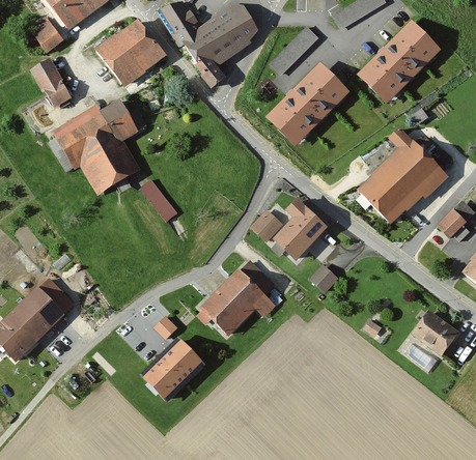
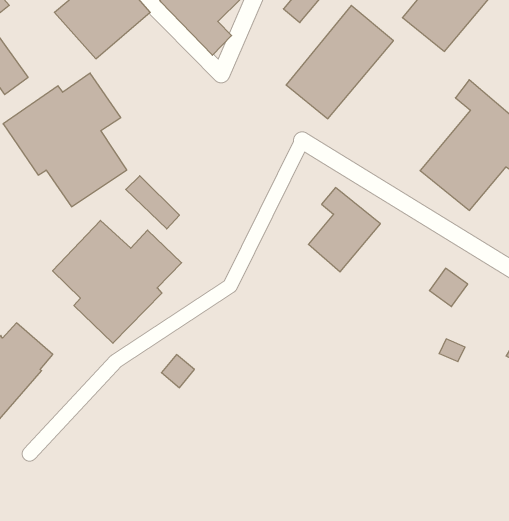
building: none -> [53,220,182,343]
building: [248,208,281,240] -> none
building: [308,263,337,292] -> [429,268,468,307]
building: [198,269,273,336] -> none
building: [140,340,201,400] -> none

